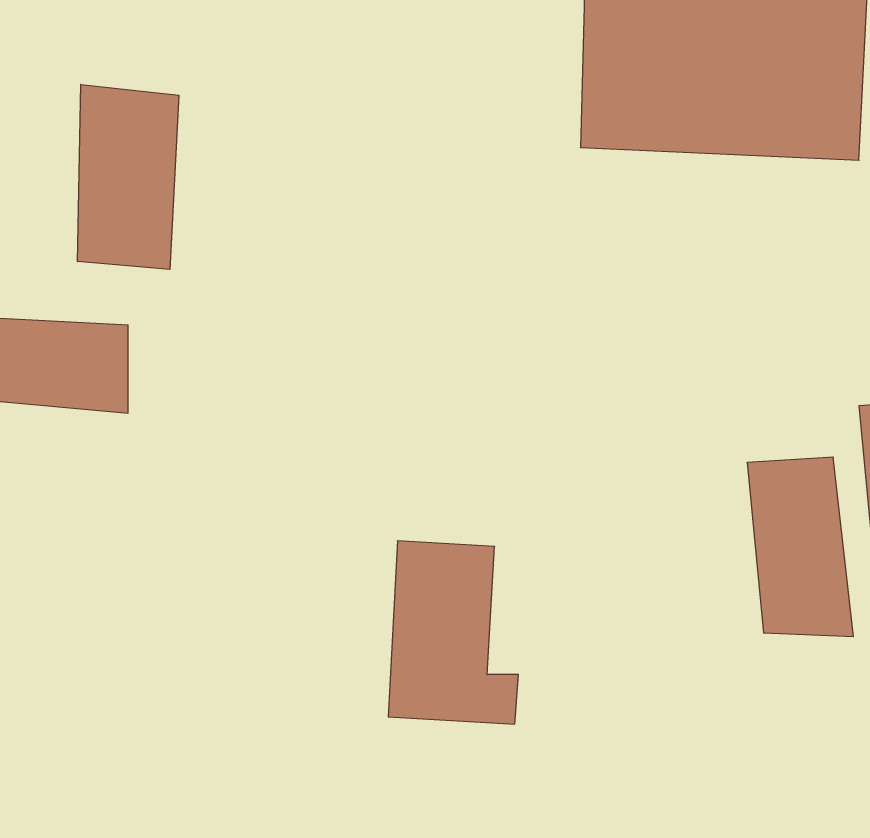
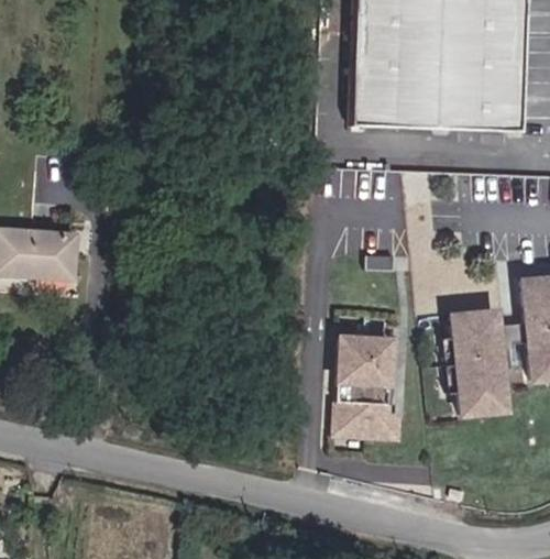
building: [78,84,179,269] -> none
building: [388,541,518,724] -> [328,330,406,440]

